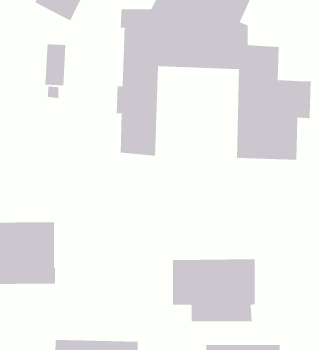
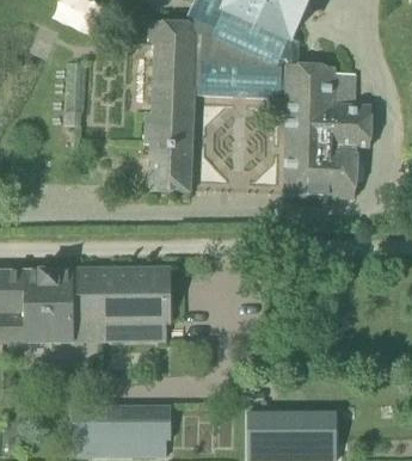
building: [172,259,256,322] -> [74,268,171,340]

